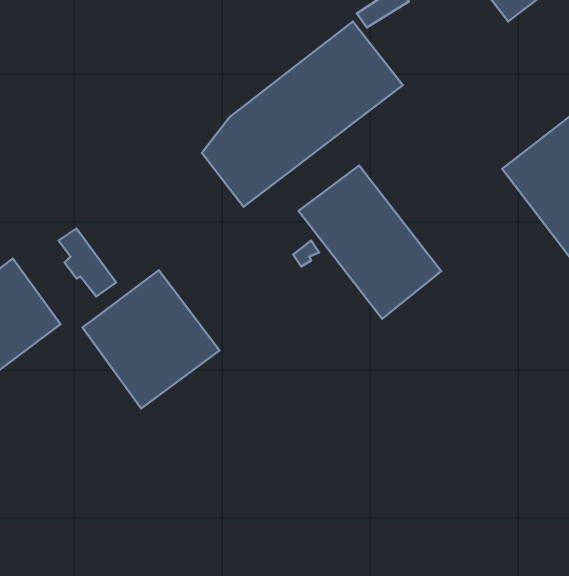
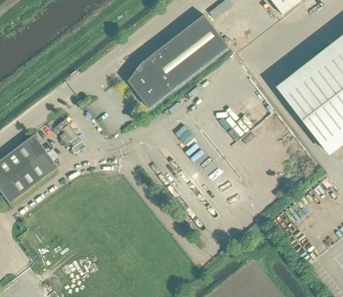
building: [298,166,441,319] -> none
building: [82,270,220,409] -> none

